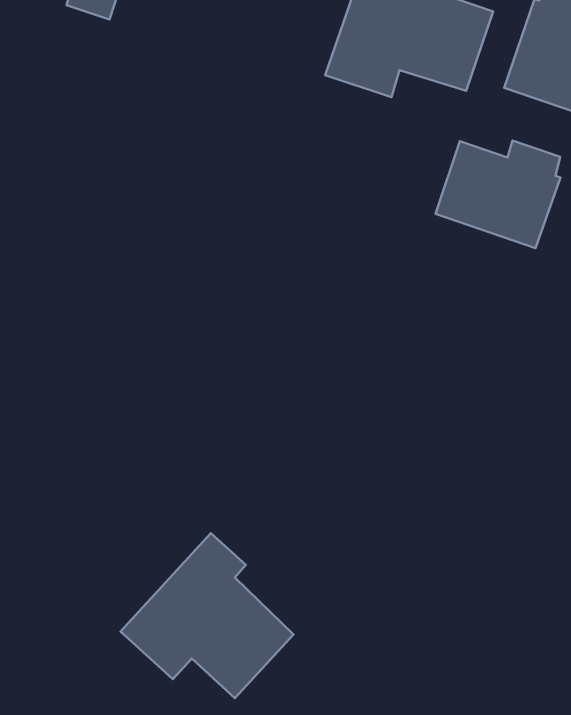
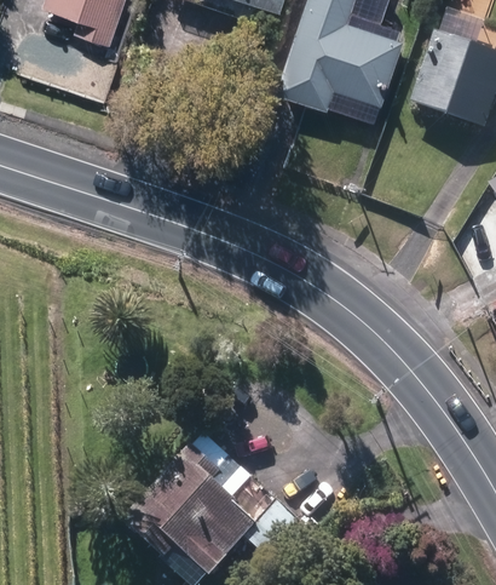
building: [436,141,560,248] -> none

